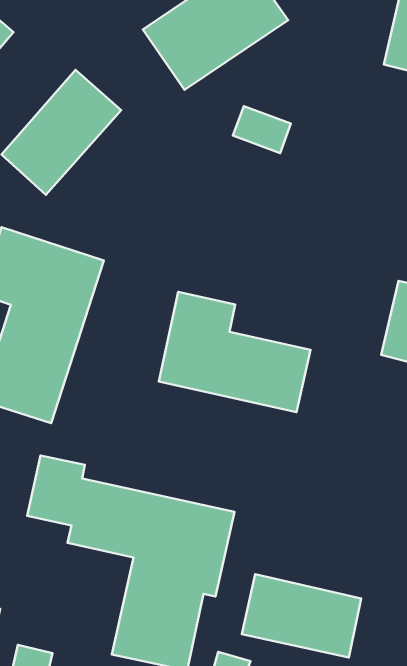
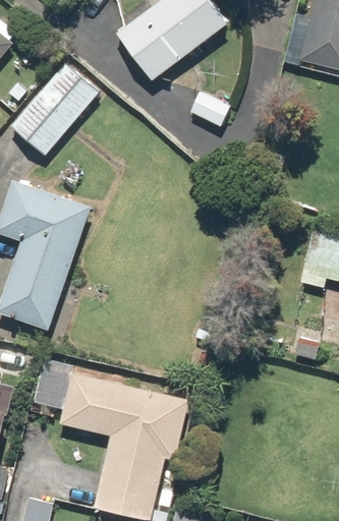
building: [159,292,310,412] -> none
building: [242,574,361,658] -> none

